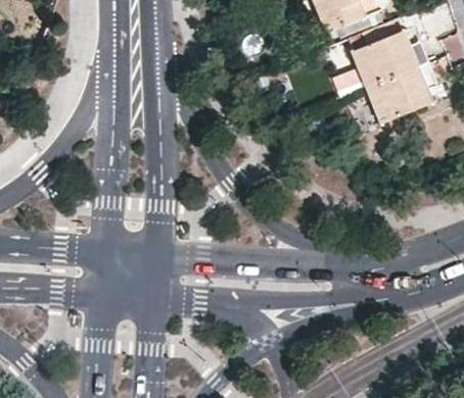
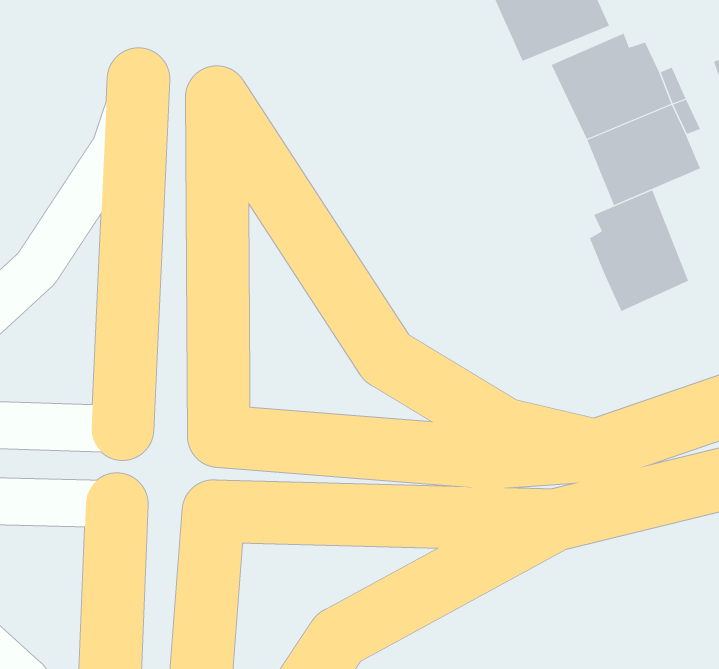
building: none -> [589,190,689,312]

